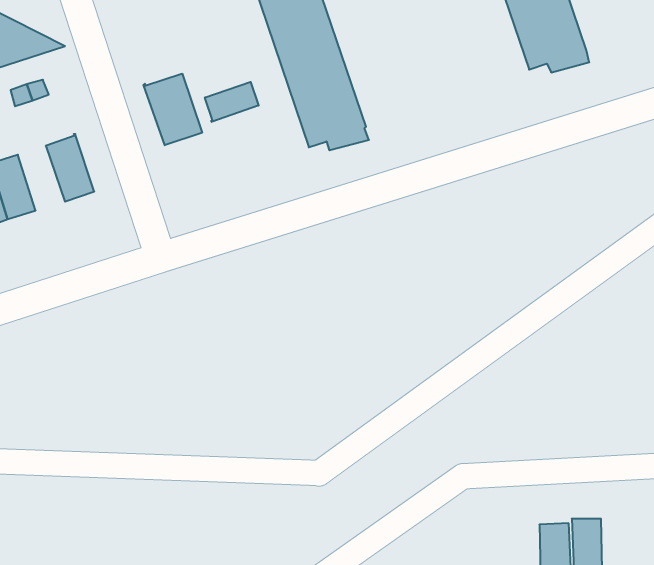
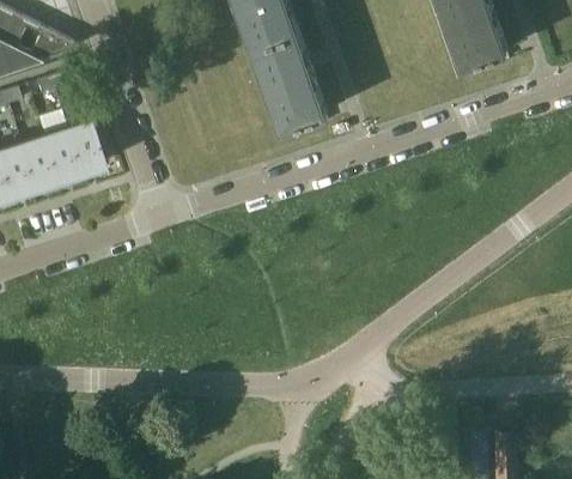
building: [144,74,202,145] -> none
building: [205,82,259,122] -> none
building: none -> [41,128,79,181]

